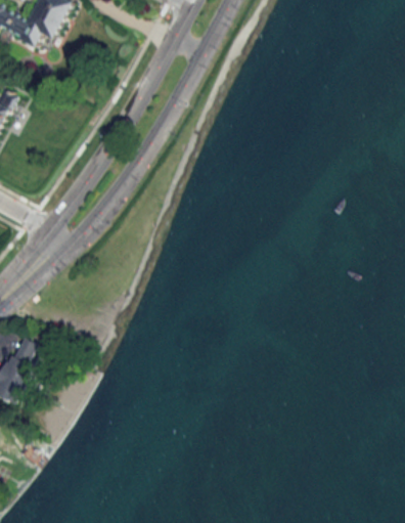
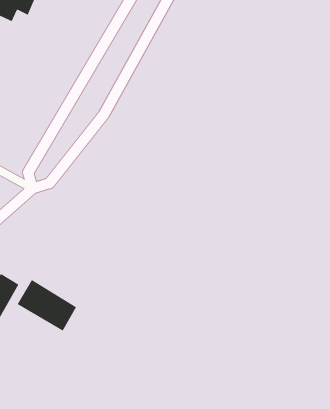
building: none -> [17,279,77,332]

